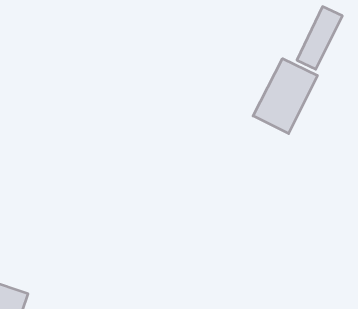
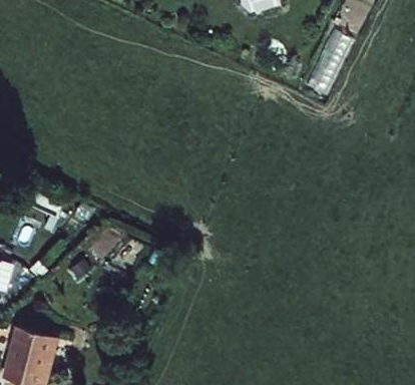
building: [253,59,317,134] -> none

